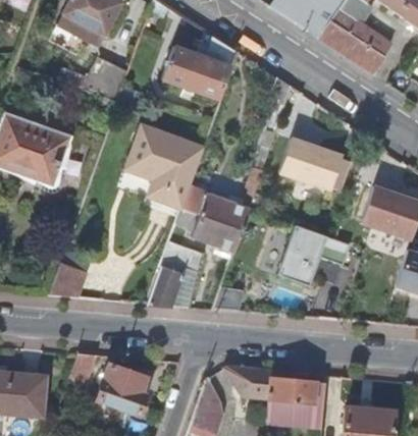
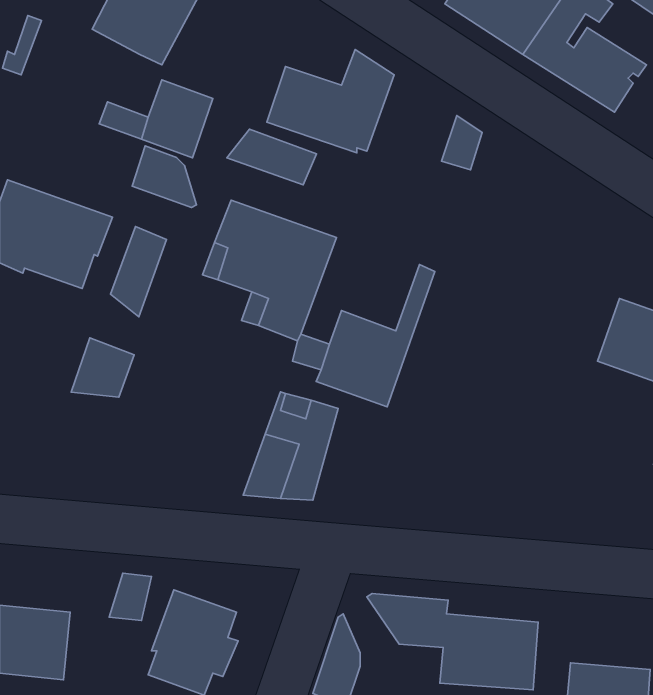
building: none -> [227,129,316,185]
building: none -> [132,146,196,208]
building: [279,137,344,190] -> none
building: none -> [110,226,166,317]
building: [277,225,351,285] -> none
building: [50,262,88,297] -> [71,338,134,397]

